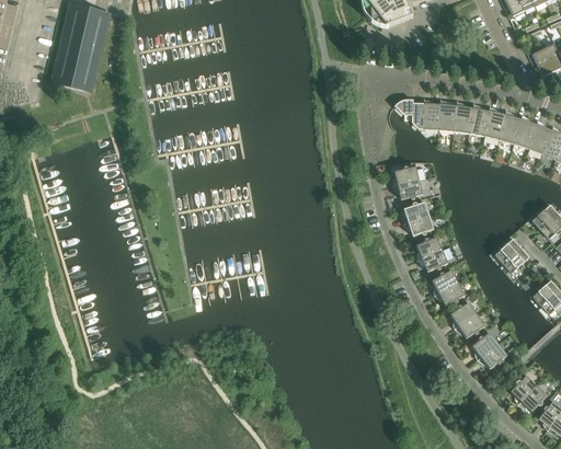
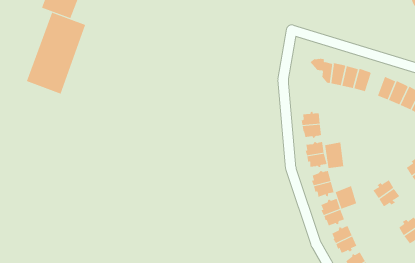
building: none -> [26,12,86,95]
building: [470,106,491,136] -> none
building: none -> [324,141,344,169]
building: none -> [335,185,357,209]

